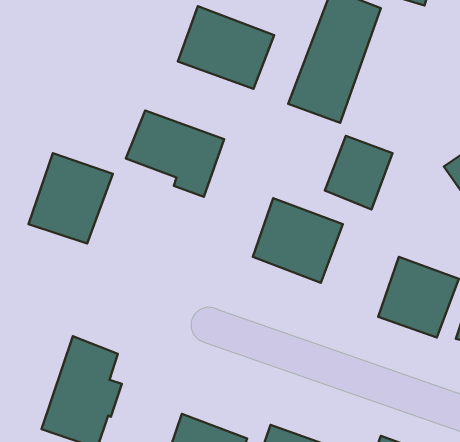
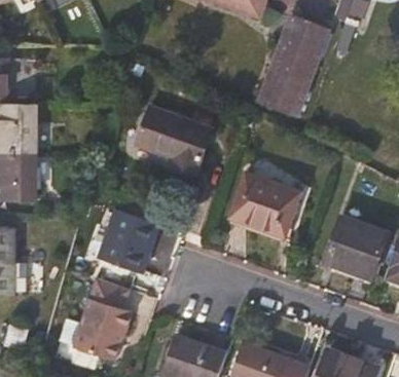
building: [178,6,274,89] -> none
building: [325,136,392,209] -> none
building: [28,153,113,243] -> [98,205,161,273]

